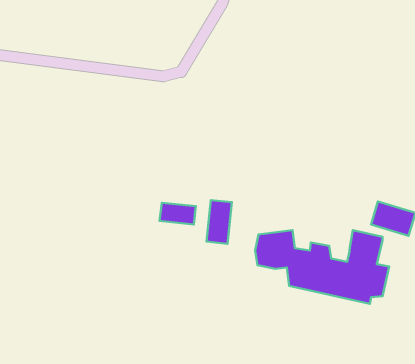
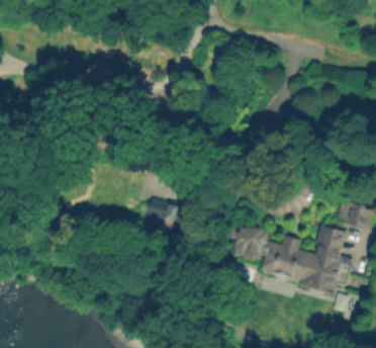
building: [207,200,232,244] -> none

